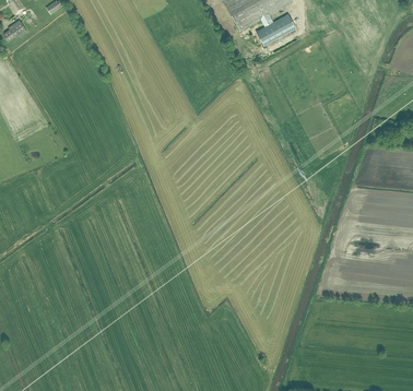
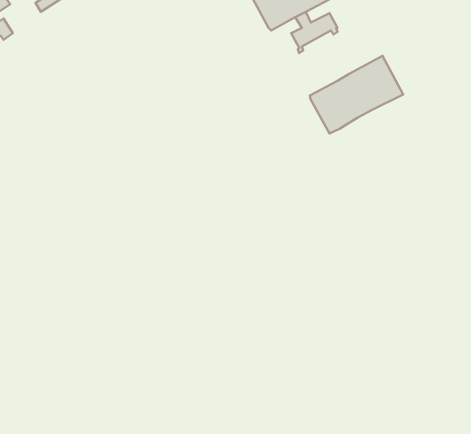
building: none -> [310,56,403,133]

